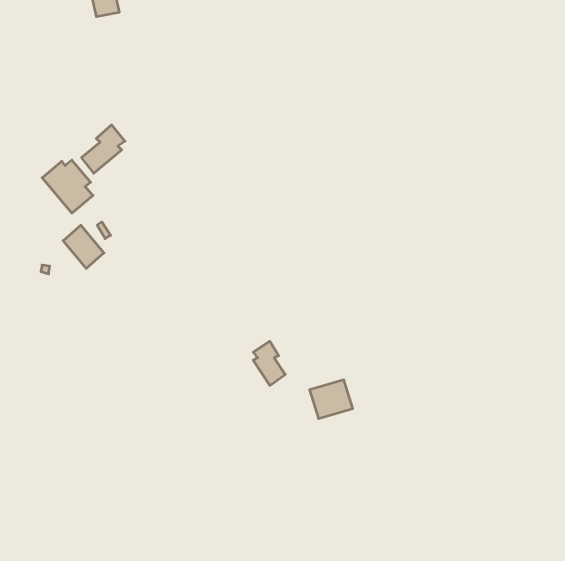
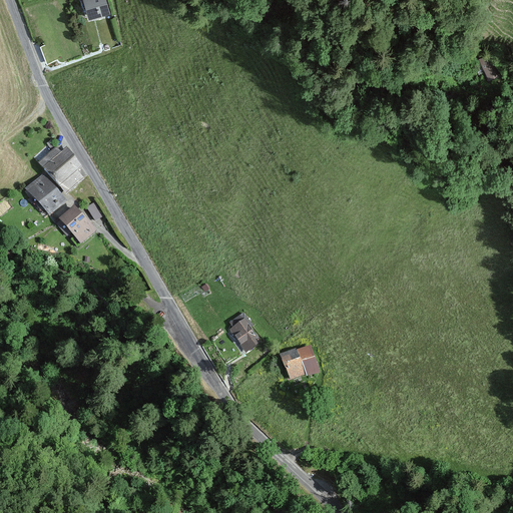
building: [82,125,125,173] -> none
building: none -> [26,173,64,213]

